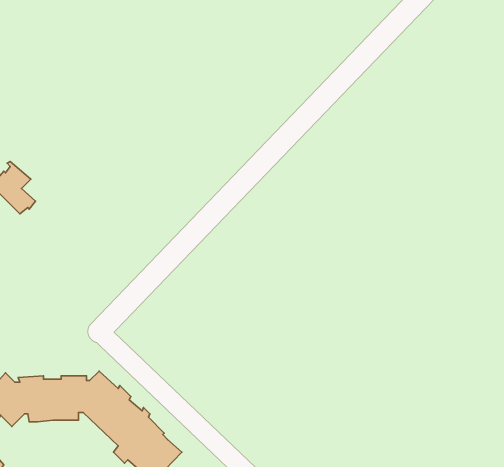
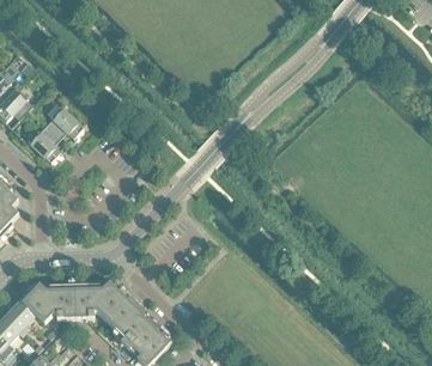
building: none -> [42,106,83,140]

